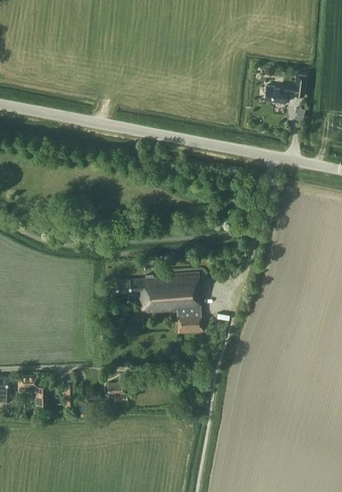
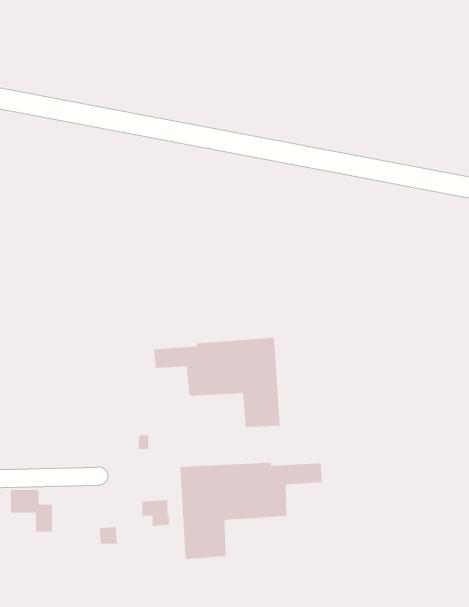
building: [262,74,305,103] -> none
building: none -> [180,462,322,560]

